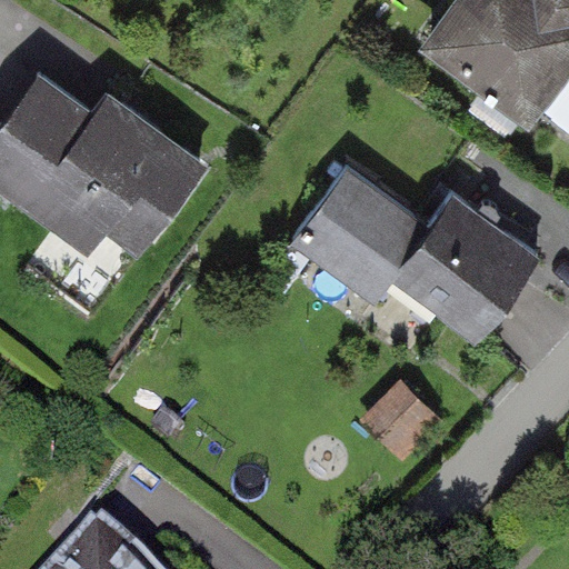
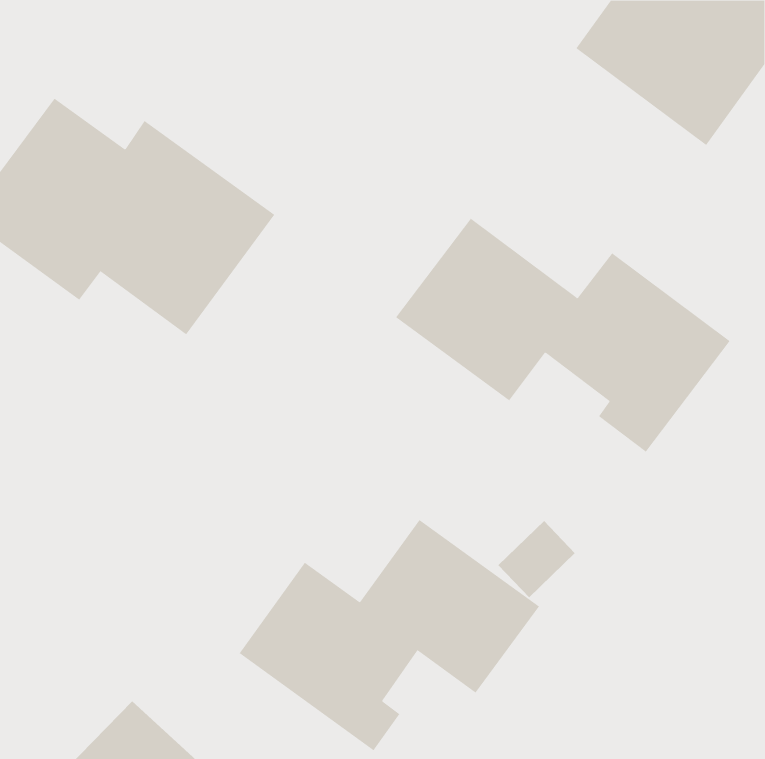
building: none -> [239,519,540,751]

